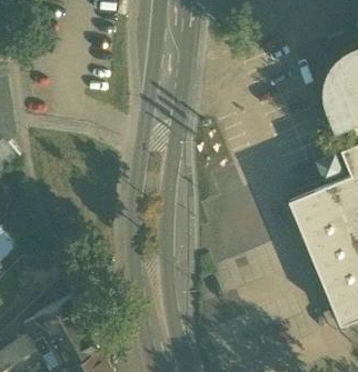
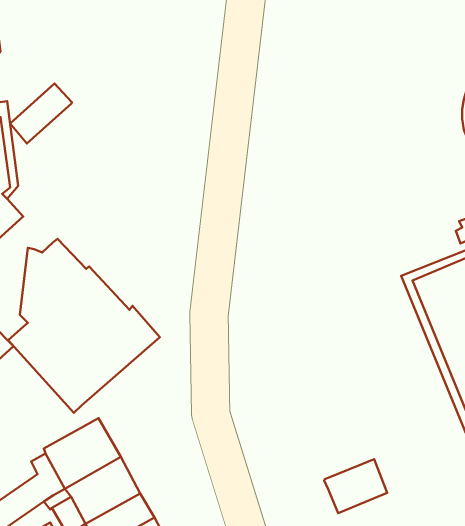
building: none -> [10,83,72,144]
building: none -> [8,239,160,413]
building: none -> [324,459,387,513]

